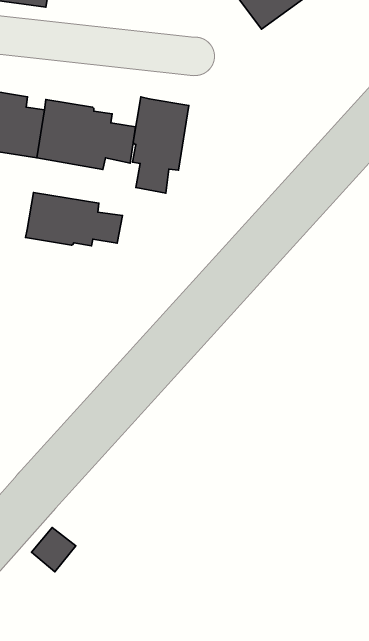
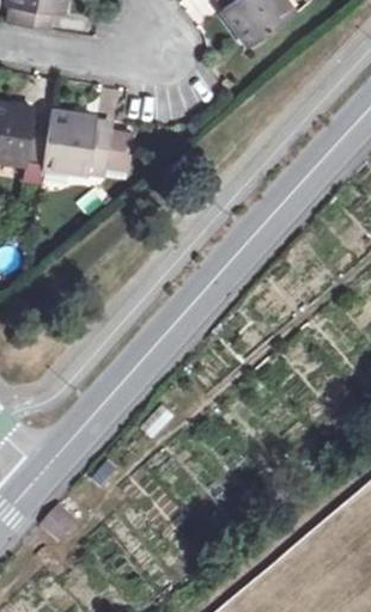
building: [133,97,189,193] -> none
building: [25,193,123,246] -> none

